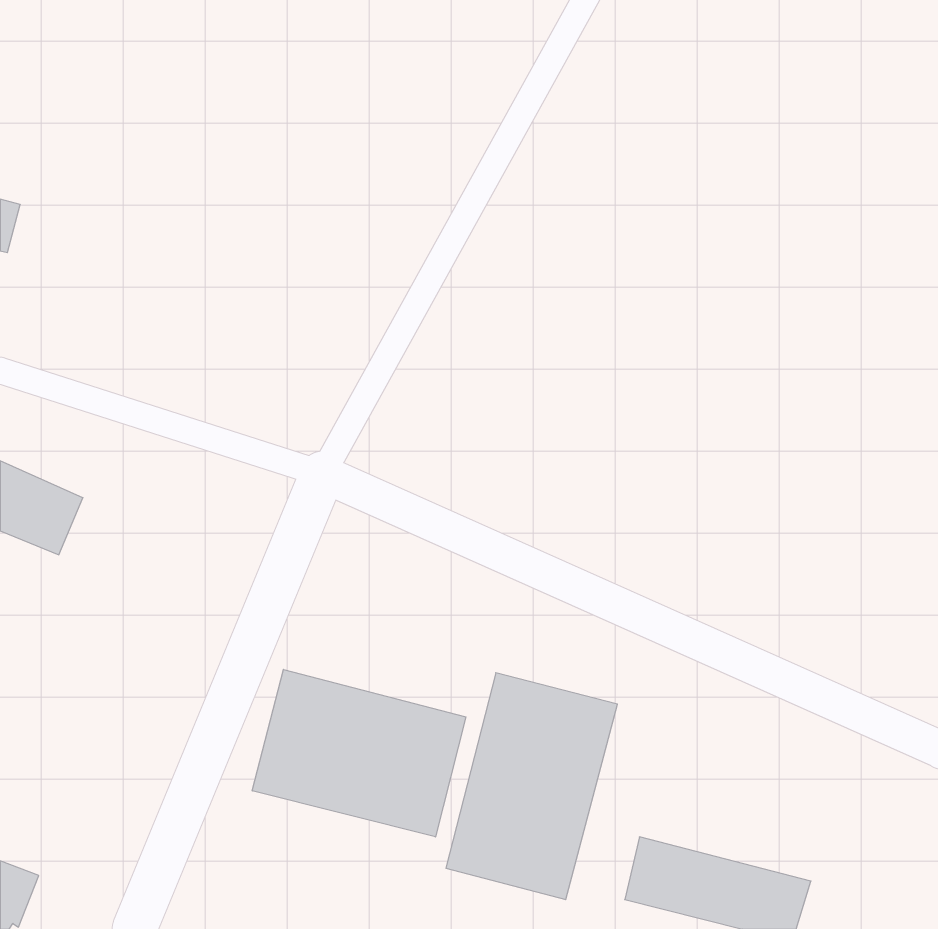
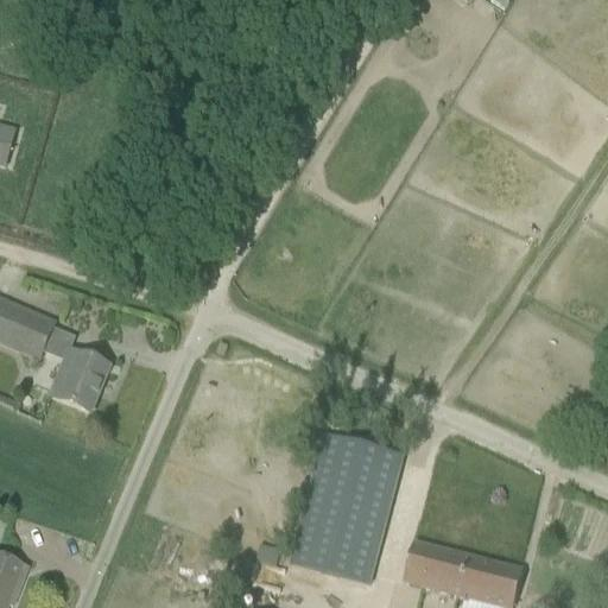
building: none -> [52,347,110,410]
building: [252,669,466,837] -> none

